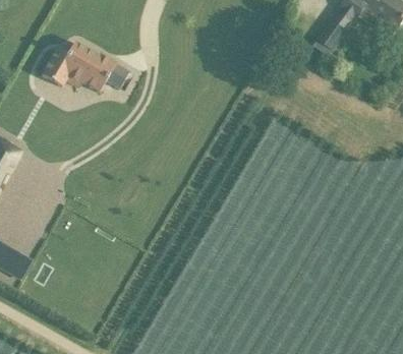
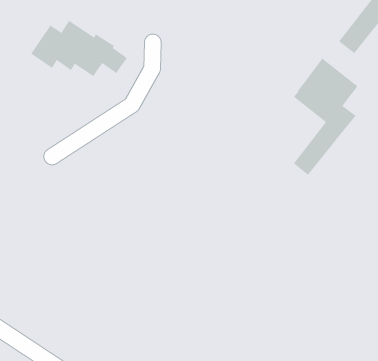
building: none -> [293,58,359,176]

